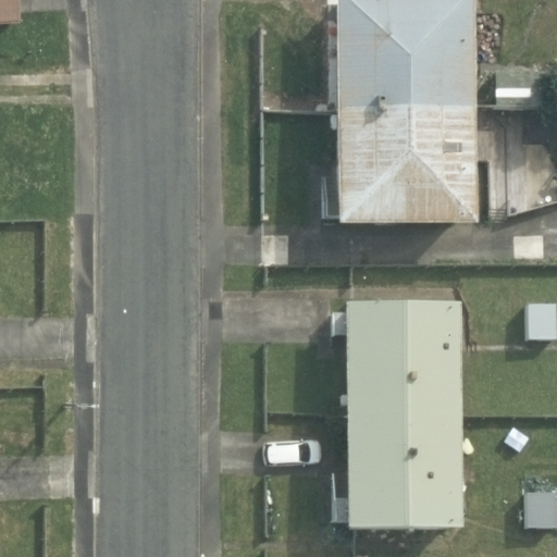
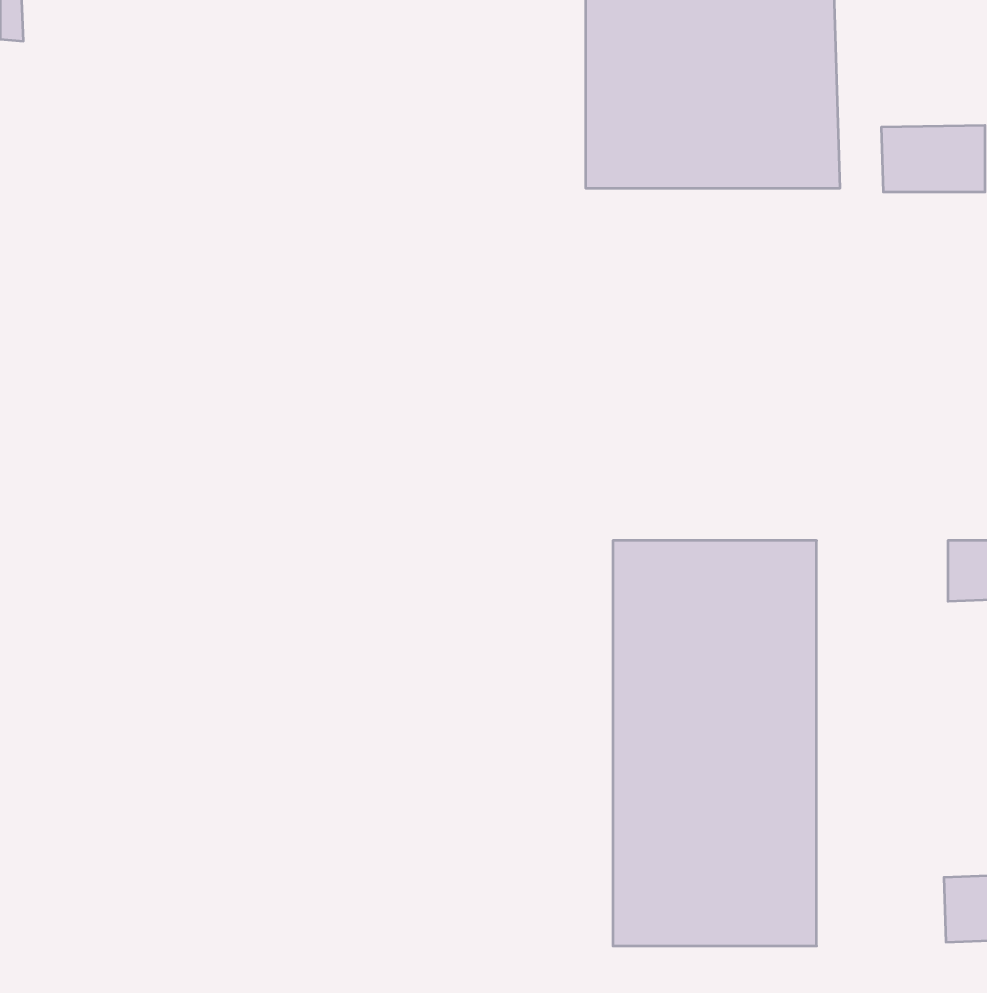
building: [333,104,474,225] -> none

